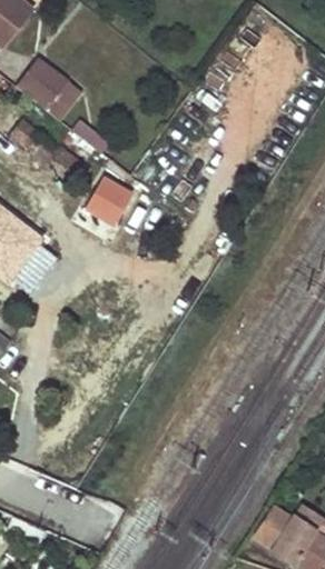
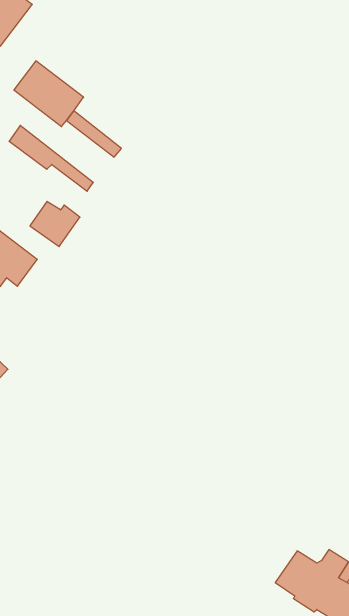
building: [85,184,130,226] -> [30,201,80,247]

